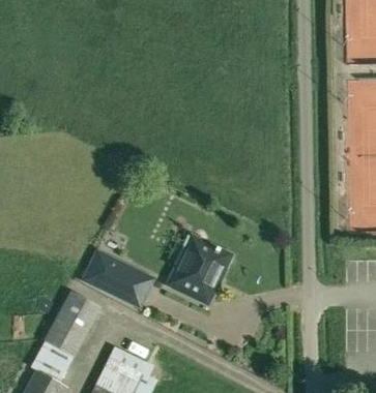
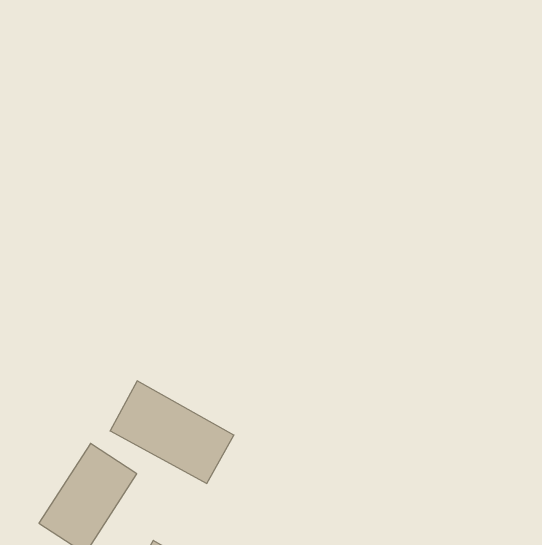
building: [169,237,228,297] -> none

